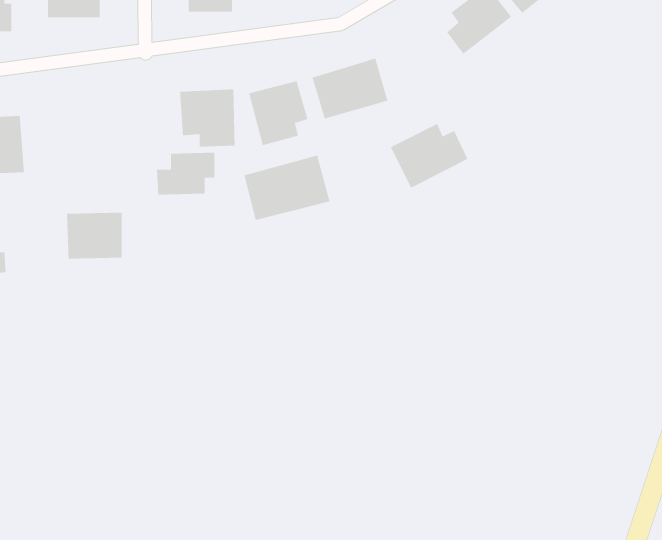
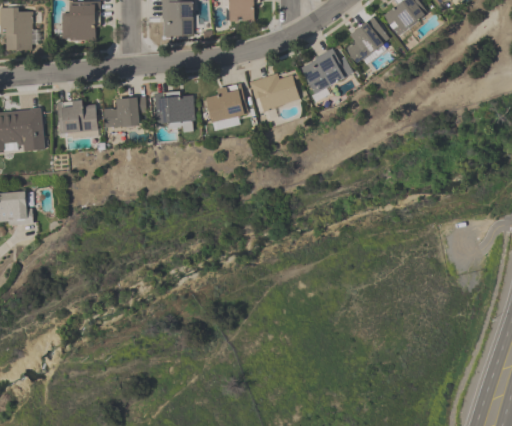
building: [390,123,468,189] -> [297,48,353,95]
building: [156,152,215,195] -> [103,97,145,128]
building: [243,155,330,221] -> none
building: [66,212,122,259] -> [57,101,97,135]

